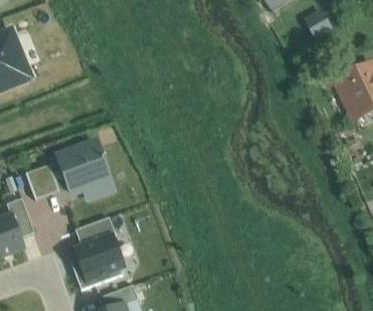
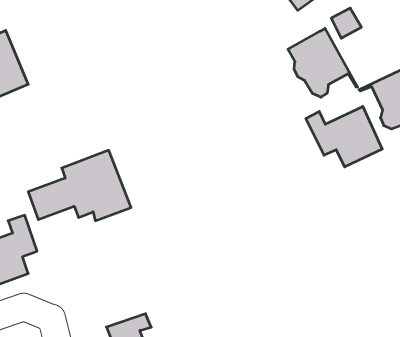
building: none -> [288,28,358,97]
building: none -> [306,106,382,167]
building: [74,214,133,284] -> none

